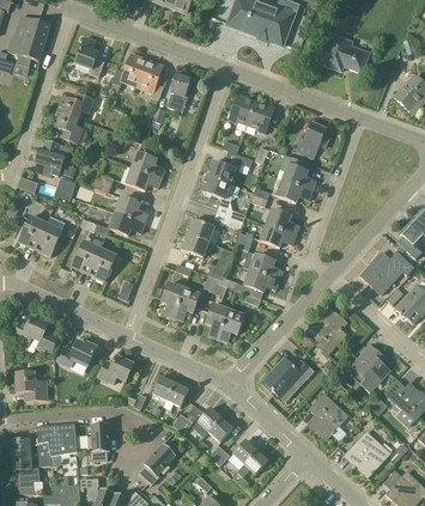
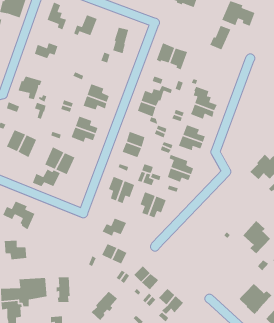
building: [138,60,163,99] -> none
building: [51,110,81,142] -> none
building: [296,121,327,157] -> [209,25,231,50]
building: [311,306,347,353] -> none
building: [56,340,97,366] -> [32,169,61,187]
building: [98,355,134,383] -> [102,217,127,237]
building: [265,356,314,396] -> none
building: [308,394,347,438] -> none

